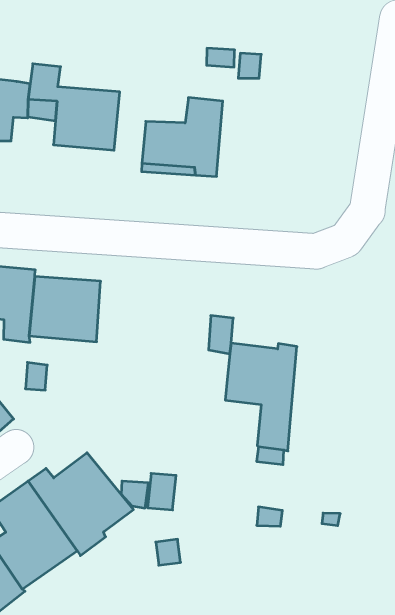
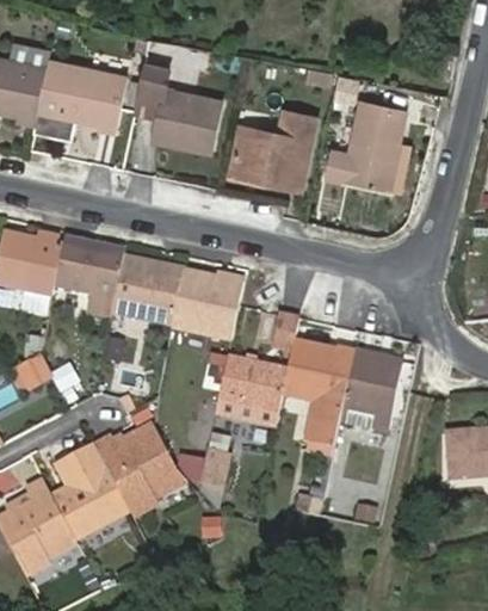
building: none -> [319,99,406,189]
building: none -> [171,269,242,340]
building: none -> [339,348,404,427]
building: none -> [214,356,286,425]

